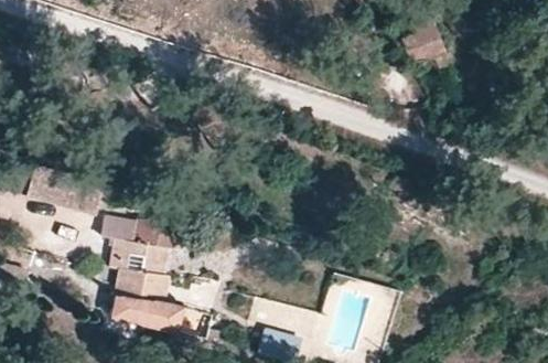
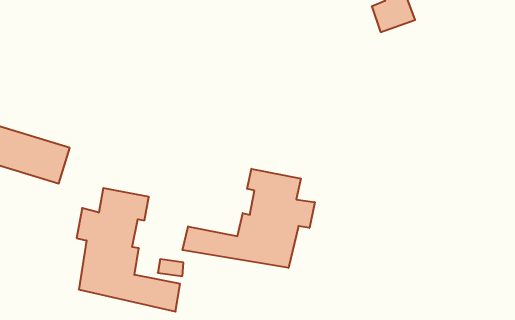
building: none -> [182,169,315,268]

